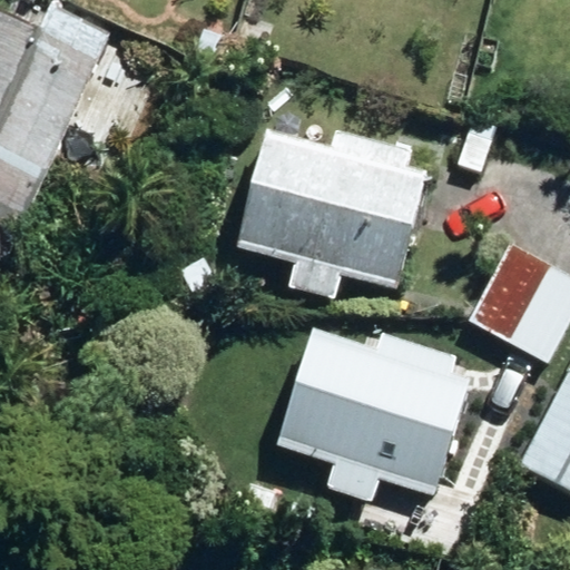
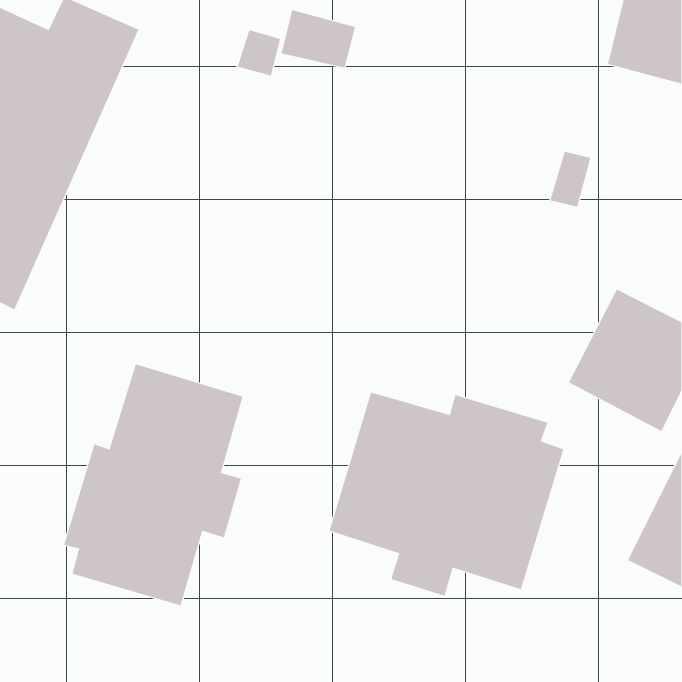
building: [235,130,428,299] -> none
building: none -> [64,364,243,606]

